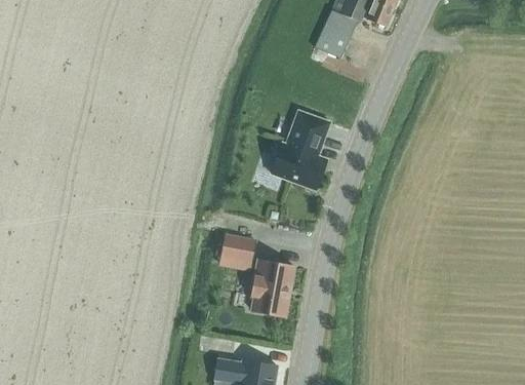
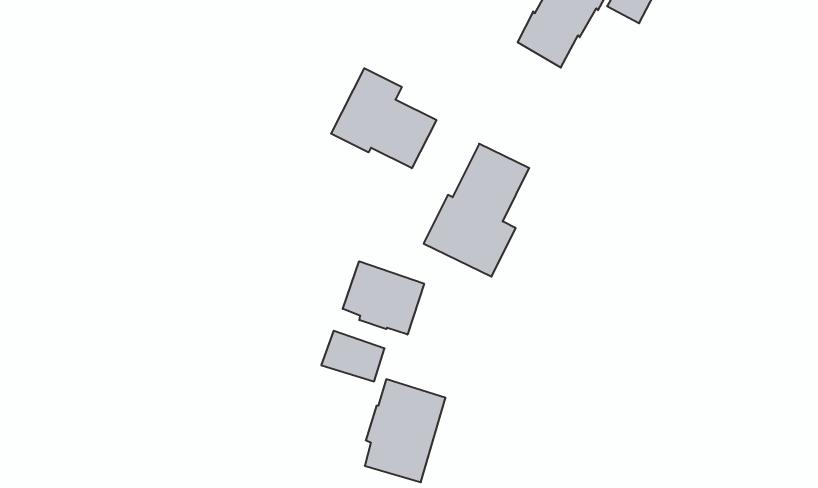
building: none -> [331,68,436,168]
building: none -> [343,261,424,335]

